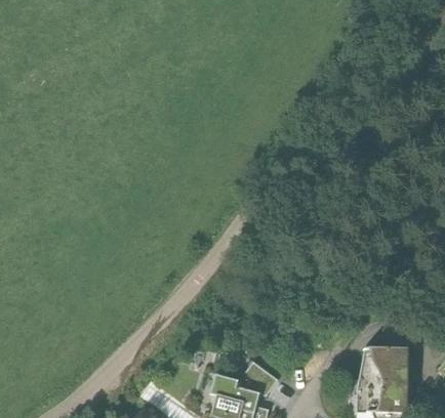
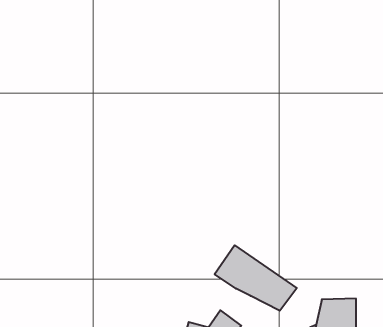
building: none -> [215,245,297,311]

